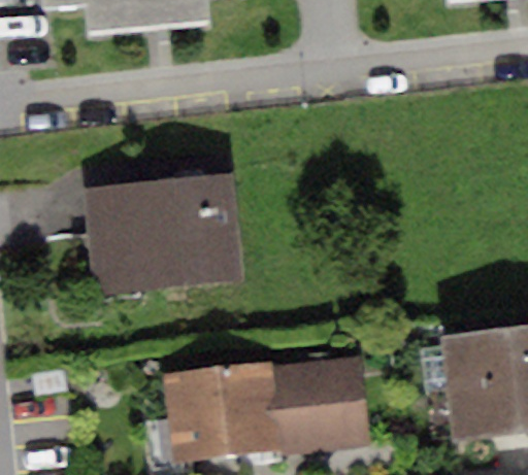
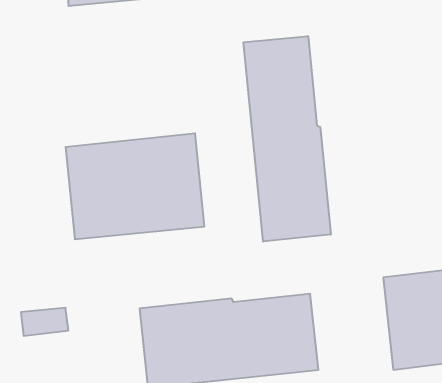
building: none -> [244,36,331,242]

